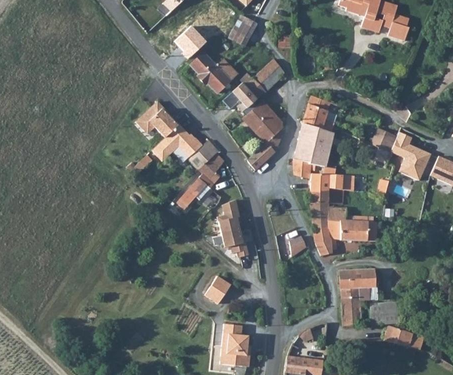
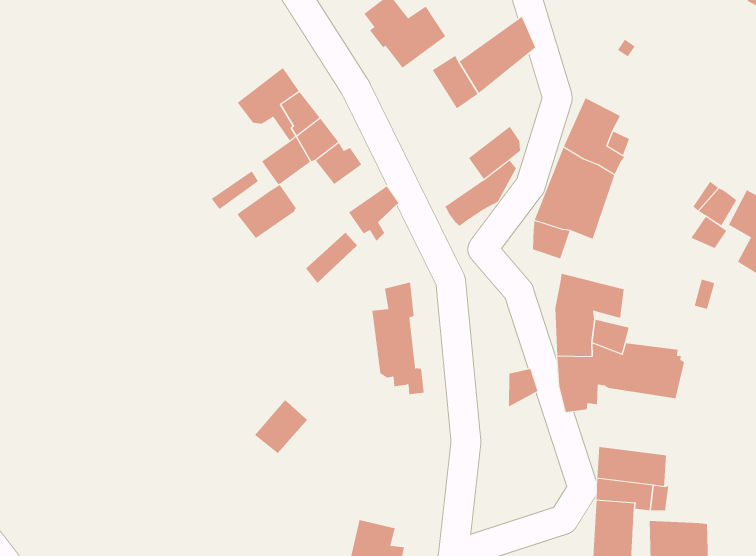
building: [241,102,275,134] -> none
building: [188,140,218,169] -> [237,184,297,239]
building: [310,173,353,191] -> none
building: [205,275,231,303] -> [254,399,308,454]

